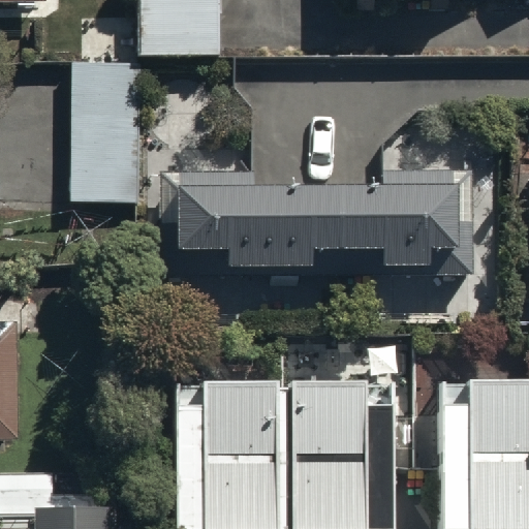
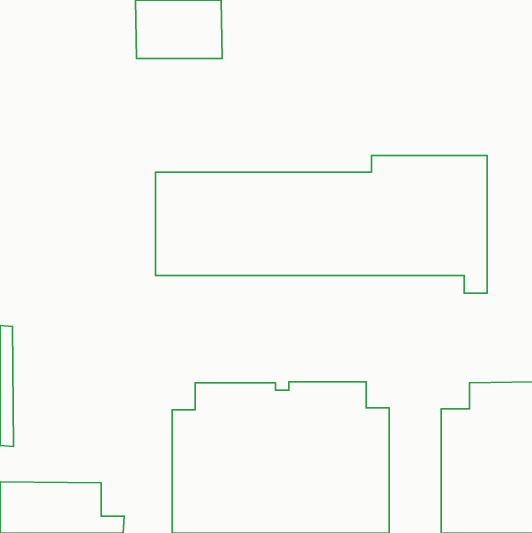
building: [68,64,144,206] -> none

